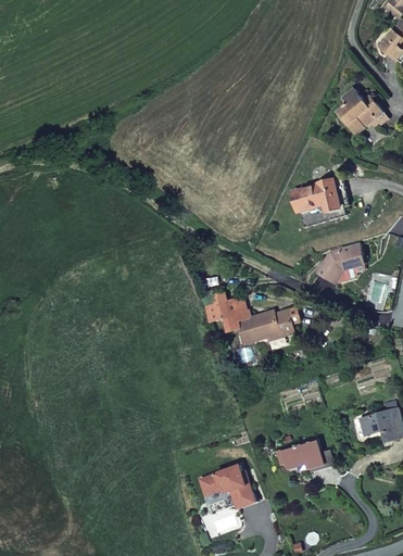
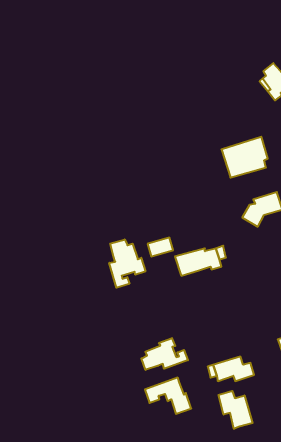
building: none -> [109,239,145,288]
building: none -> [141,338,188,370]
building: none -> [218,391,253,429]

